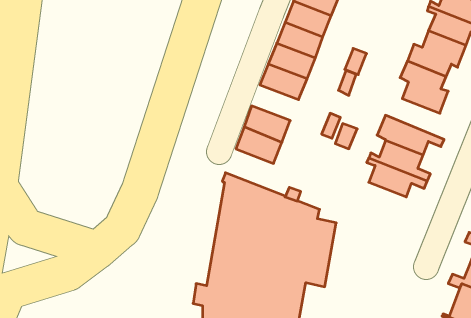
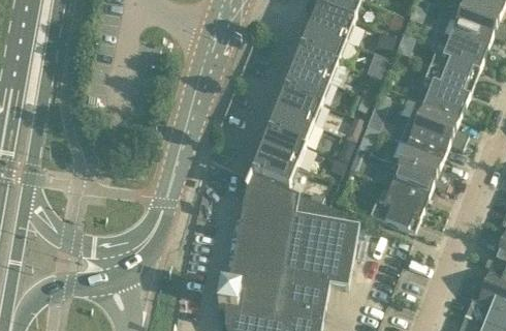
building: none -> [273,90,319,125]
building: none -> [405,99,466,144]
building: none -> [249,153,294,188]
building: none -> [367,186,425,233]

